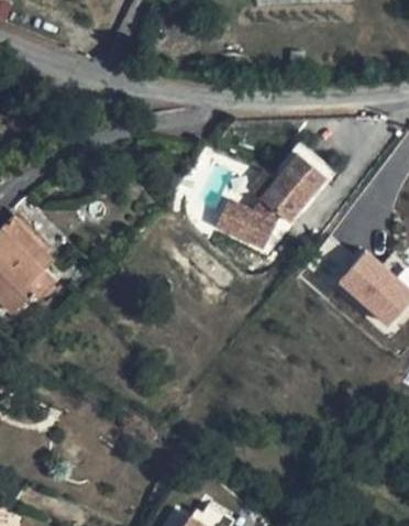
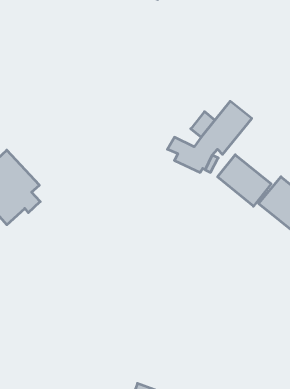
building: none -> [218,155,271,206]

